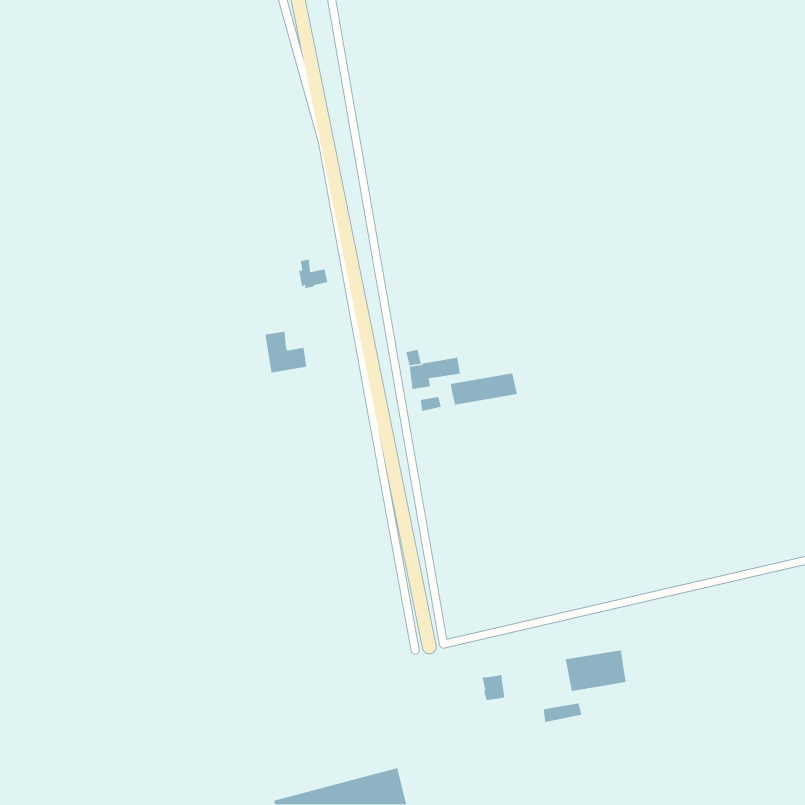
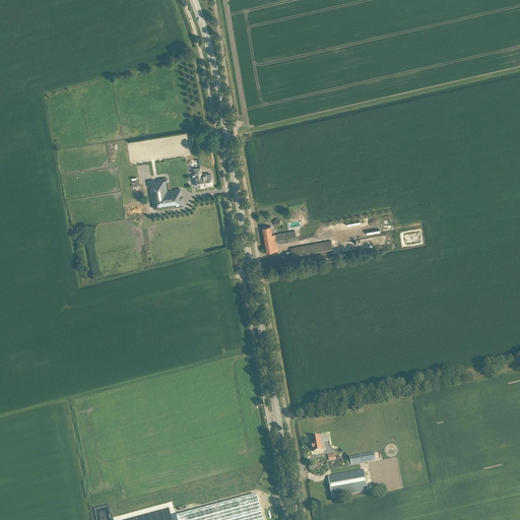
building: [265,331,307,374] -> [149,180,177,207]
building: [565,649,626,692] -> [327,469,367,497]

